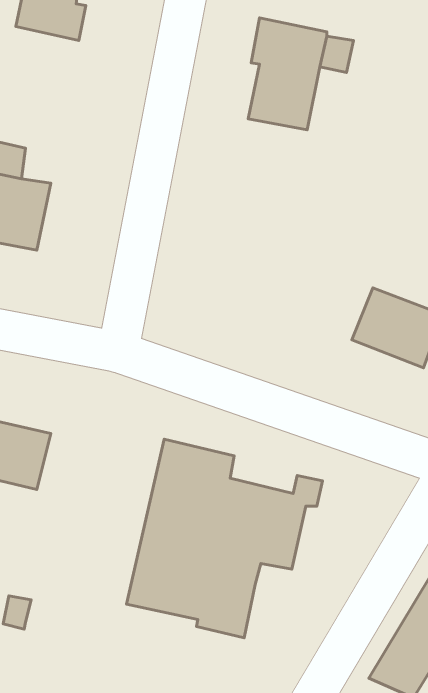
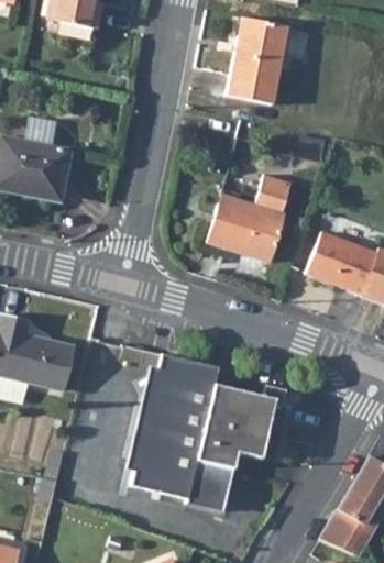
building: none -> [208,176,292,262]

